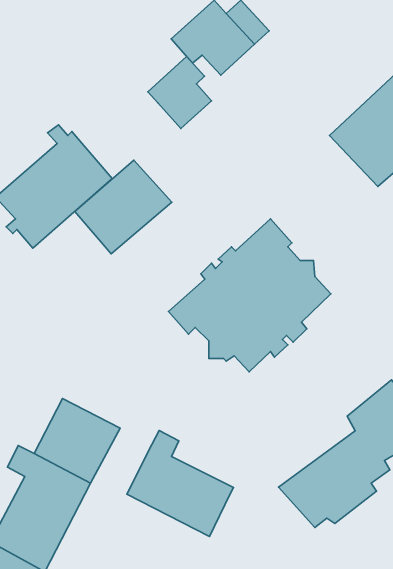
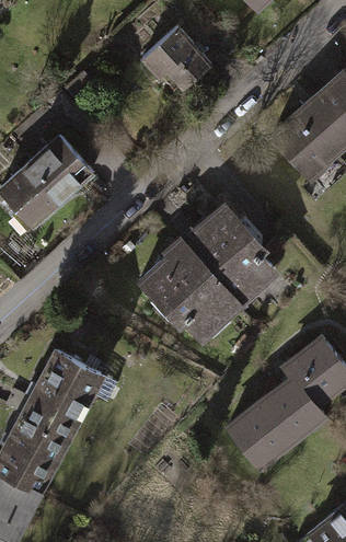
building: [148,57,212,128] -> none
building: [75,160,172,254] -> none
building: [127,431,233,536] -> none

